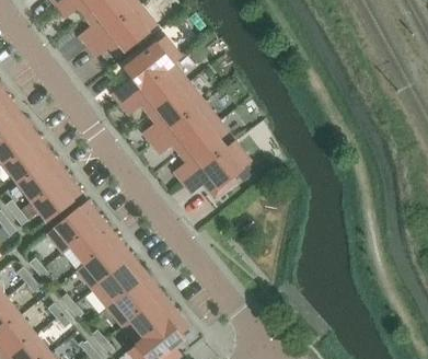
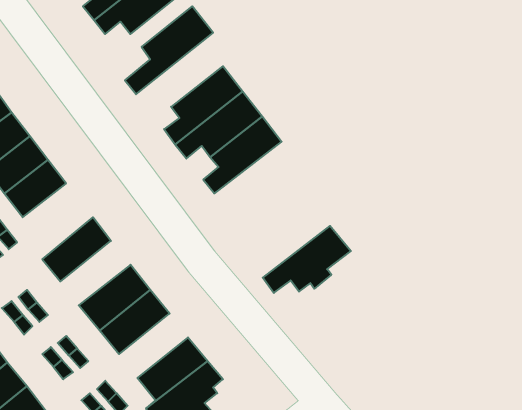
building: [122,57,189,116] -> none
building: [183,142,252,195] -> [263,226,351,293]
building: [33,175,82,221] -> none
building: [62,220,117,270] -> none
building: [108,277,162,327] -> none

